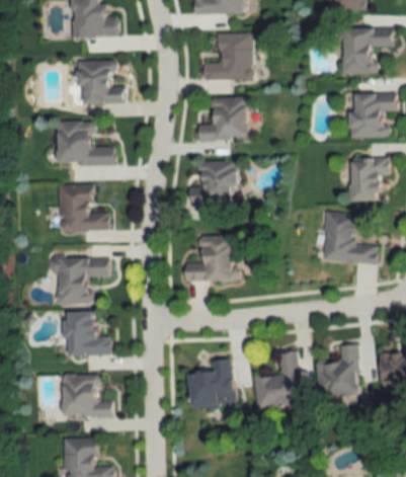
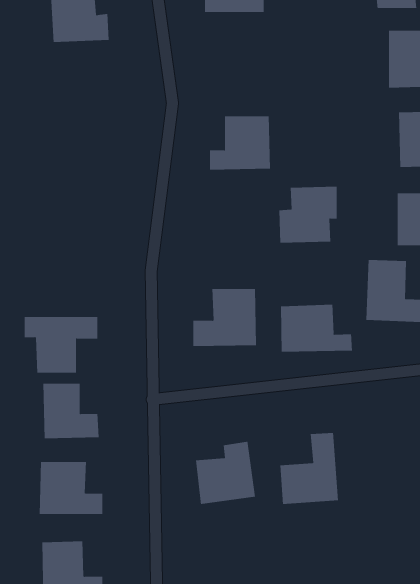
building: [202,33,253,80] -> none
building: [76,60,125,104] -> none
building: [57,122,114,165] -> none
building: [189,161,237,207] -> [278,186,338,243]
building: [59,185,109,231] -> none
building: none -> [280,304,352,353]
building: [319,344,360,396] -> none

